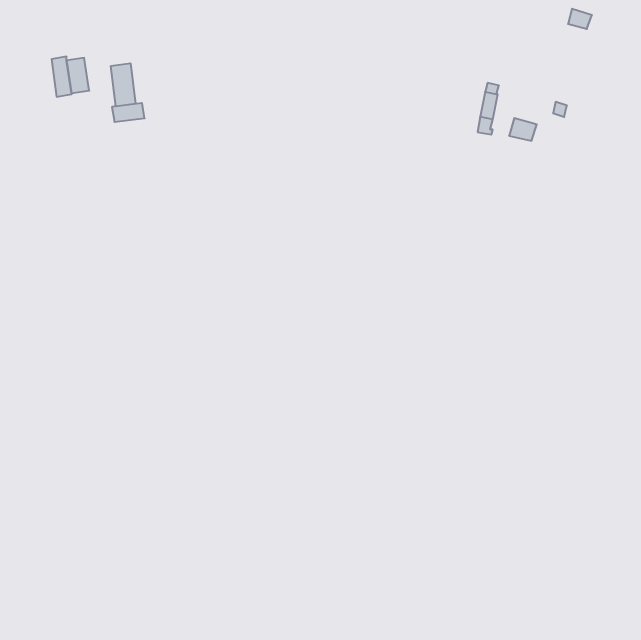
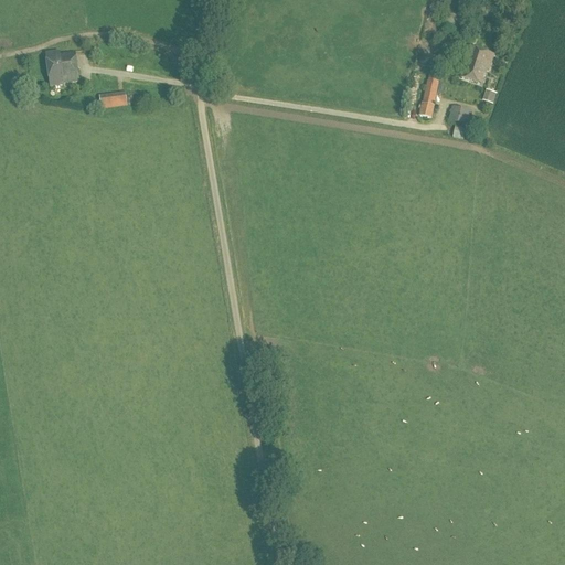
building: none -> [459,45,493,84]
building: [111,63,135,106] -> none

